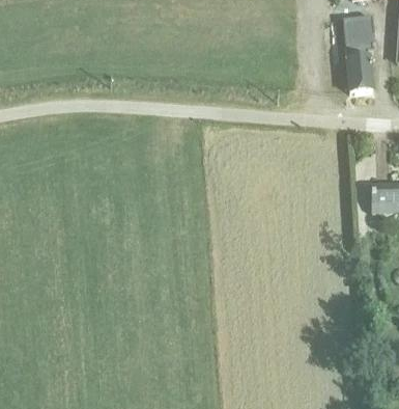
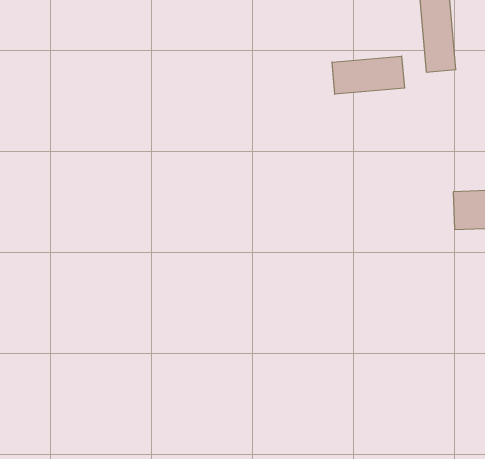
building: none -> [332,56,404,94]

